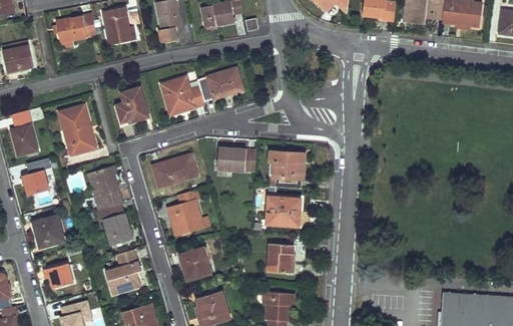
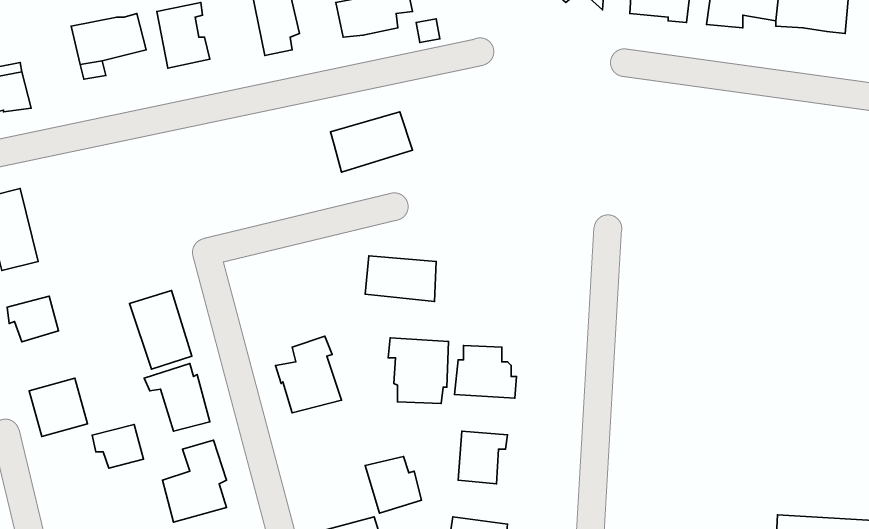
building: [161,77,204,112] -> none
building: [115,91,146,126] -> none
building: [59,106,91,155] -> none
building: [271,152,304,189] -> [388,338,449,404]
building: [152,154,197,188] -> none
building: [179,250,210,281] -> [365,456,422,513]
building: [44,264,72,288] -> [92,424,143,468]

